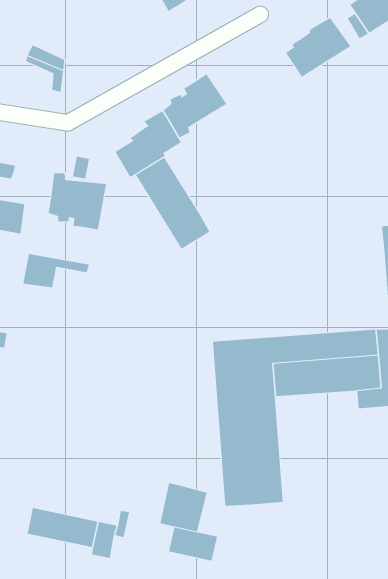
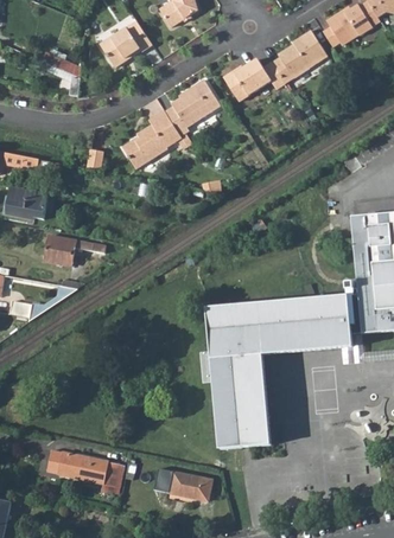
building: none -> [100,20,152,66]
building: none -> [223,58,285,100]
building: [135,157,210,250] -> none
building: [48,172,106,230] -> none
building: [160,482,207,532] -> none

